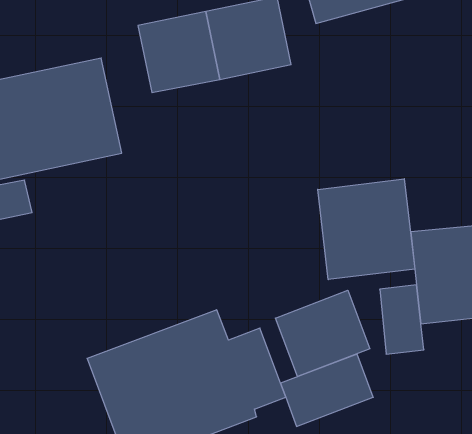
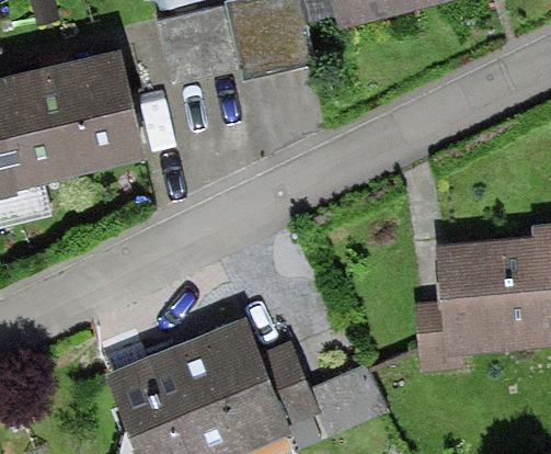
building: [318,179,415,280] -> none
building: [275,290,370,377] -> none

